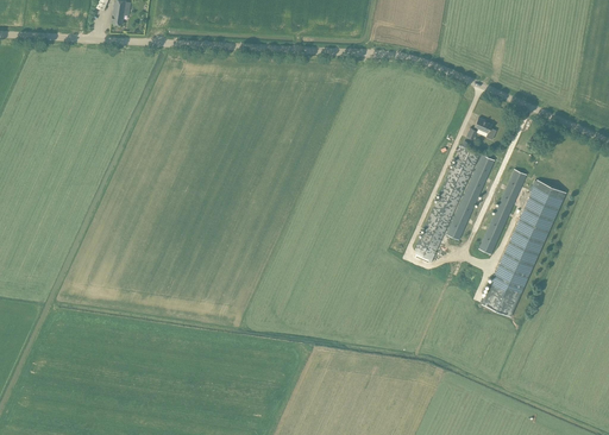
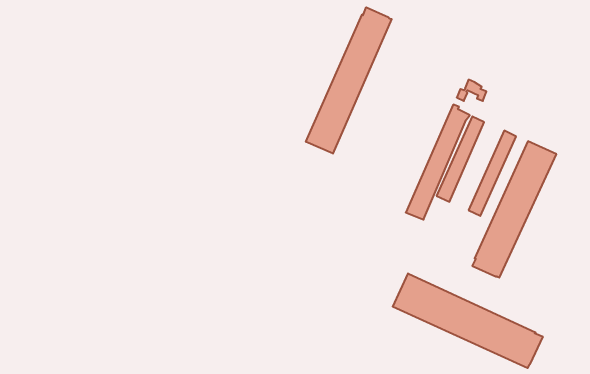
building: none -> [306,7,392,154]
building: none -> [393,273,543,368]

